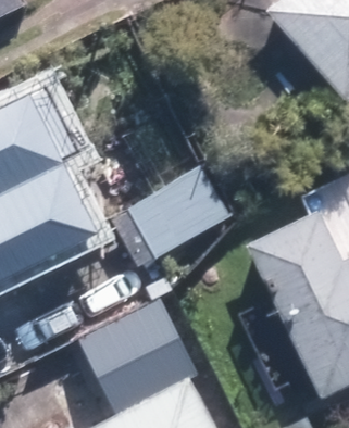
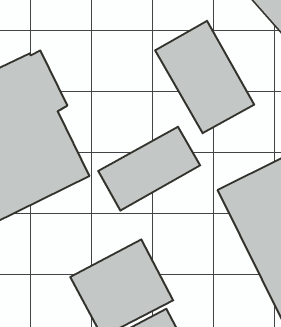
building: none -> [155,21,254,133]

